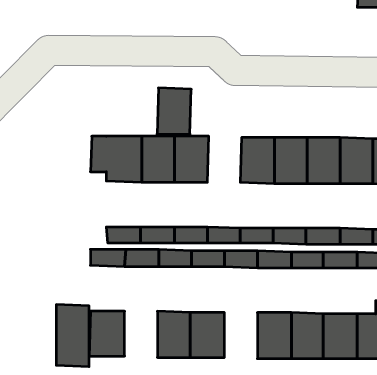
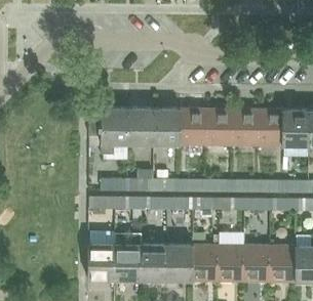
building: [157,88,191,134] -> [180,109,206,144]
building: [56,305,89,367] -> [115,232,141,281]
building: none -> [193,246,219,282]

